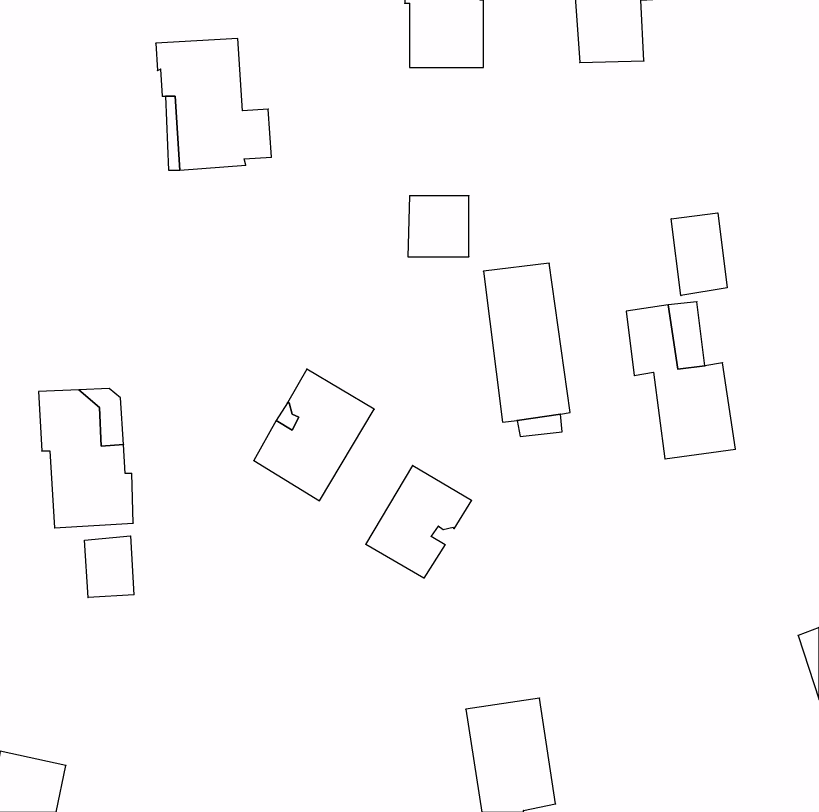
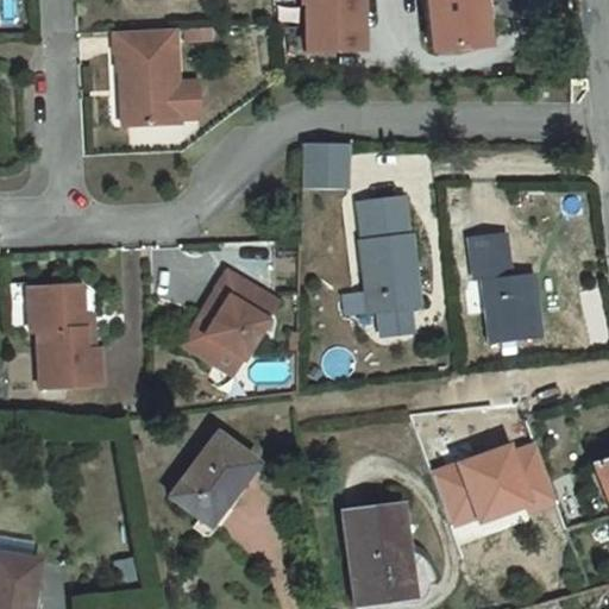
building: [671,213,727,296] -> none
building: [366,465,472,578] -> none
building: [85,536,134,598] -> none
building: none -> [431,439,551,520]
building: none -> [176,447,258,535]

